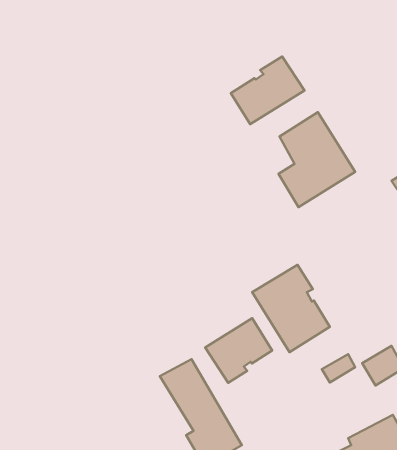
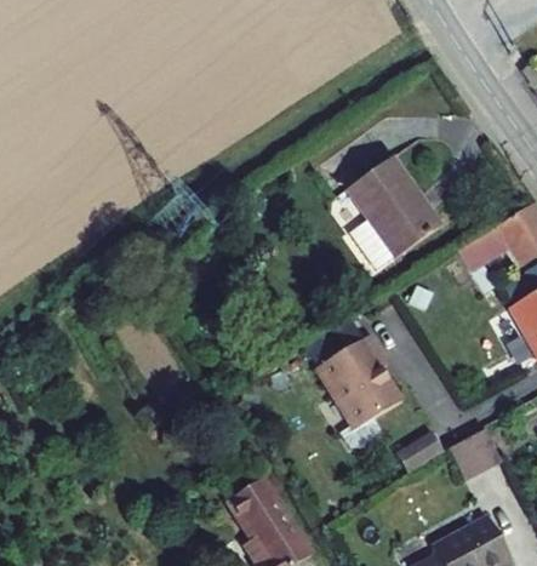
building: [231,56,304,124] -> none
building: [205,318,272,383] -> none

